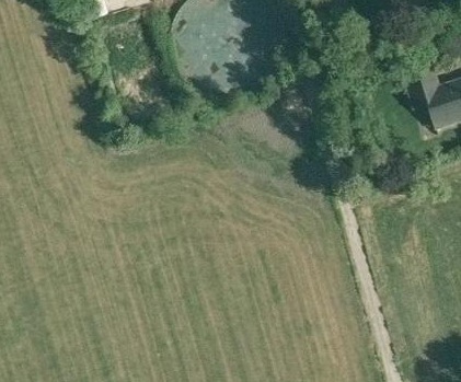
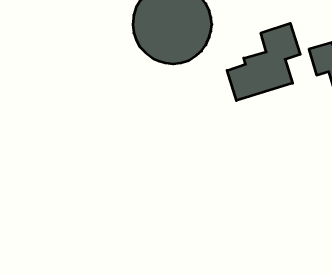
building: none -> [227,23,300,101]

